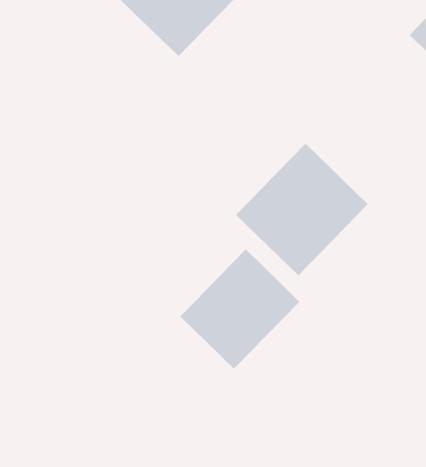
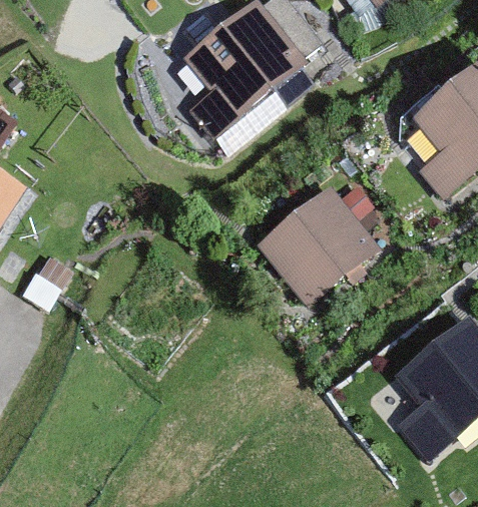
building: [179,249,300,369] -> none

